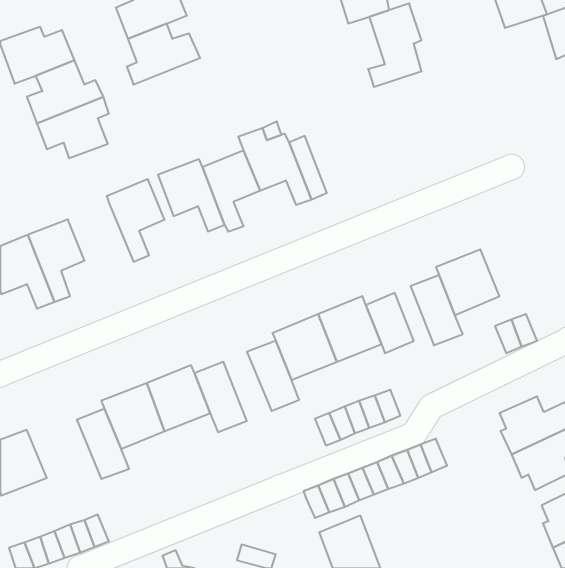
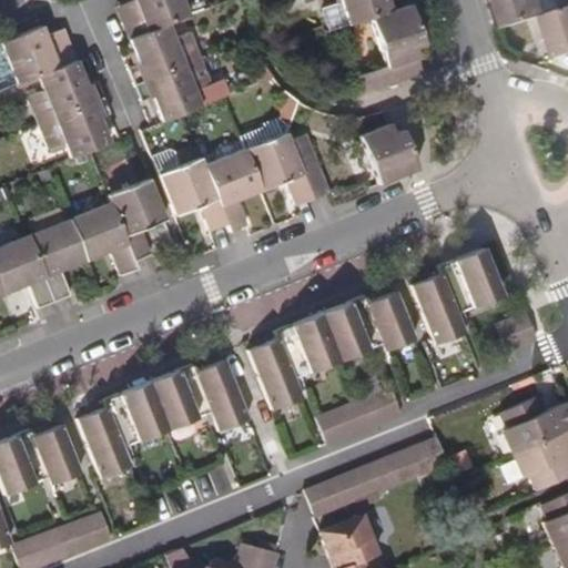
building: none -> [136,58,213,121]
building: none -> [359,125,419,185]
building: none -> [71,202,139,276]
building: none -> [33,424,83,485]

